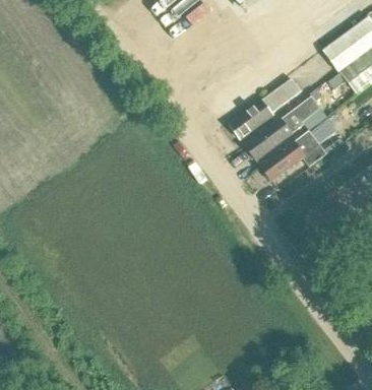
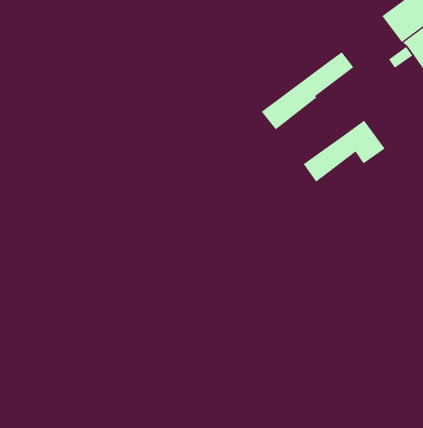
building: [245,95,326,158] -> none

